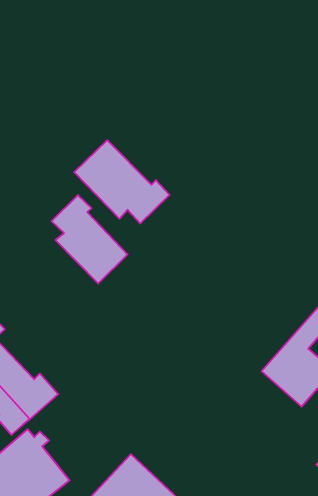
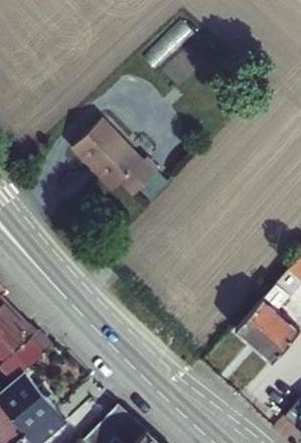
building: [52,195,128,284] -> none

